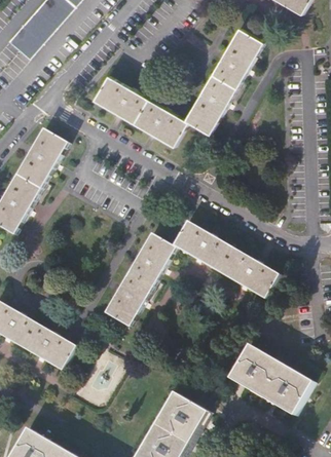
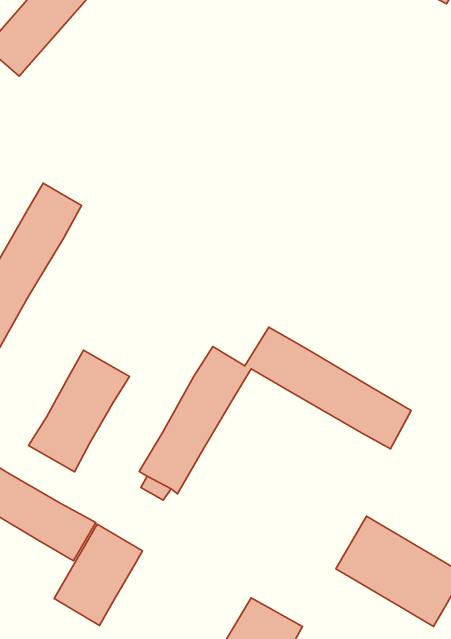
building: [94,28,263,146] -> none
building: none -> [29,350,129,472]
building: none -> [54,524,143,625]

